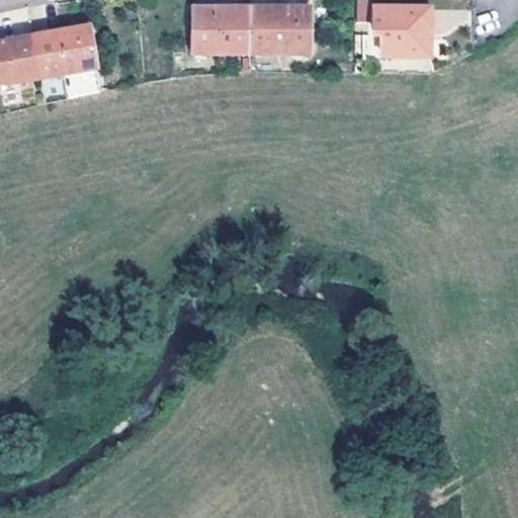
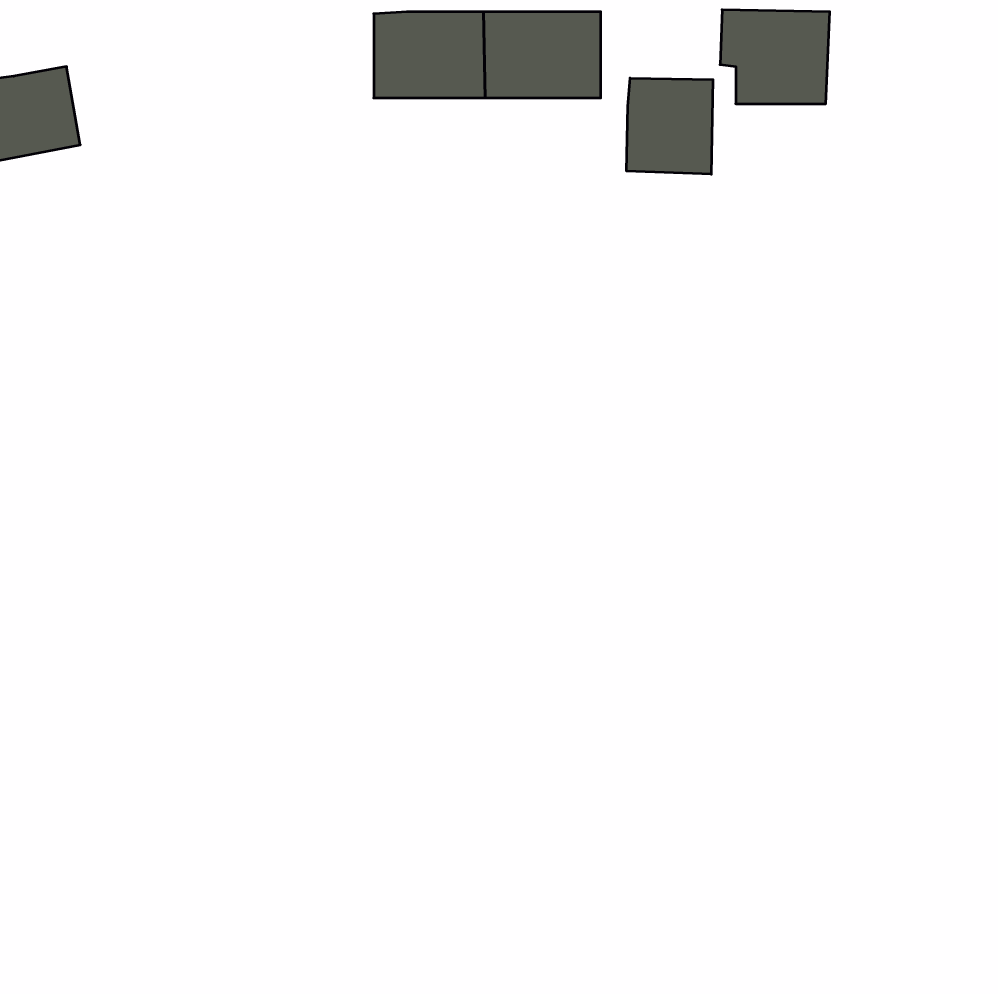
building: [34,24,95,75] -> none
building: none -> [627,78,713,174]

